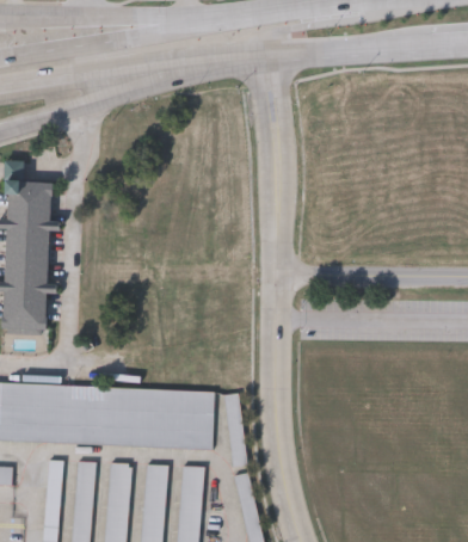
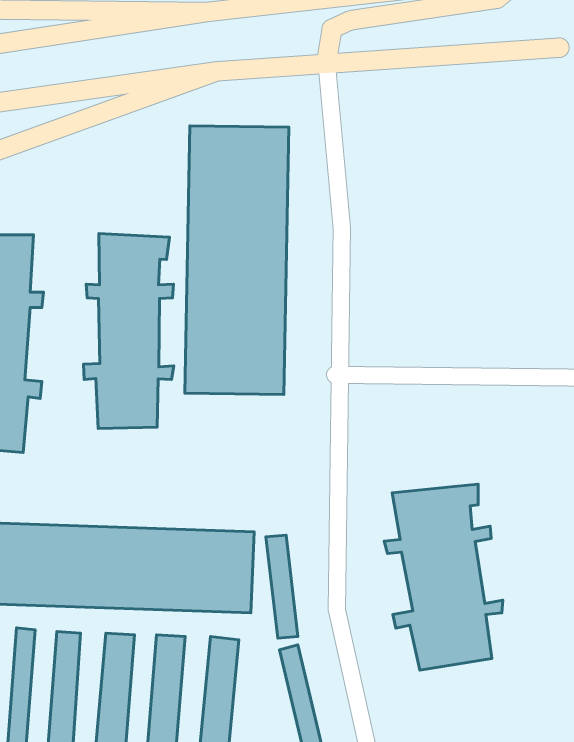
building: none -> [185,126,289,395]
building: none -> [83,233,174,429]
building: none -> [384,484,503,670]

